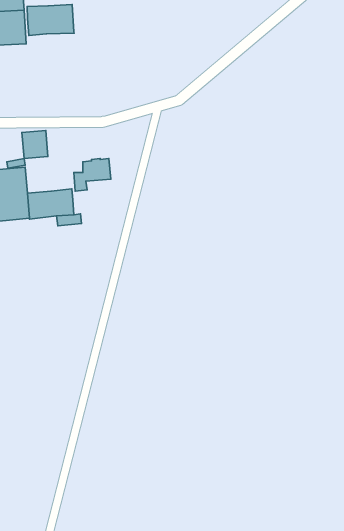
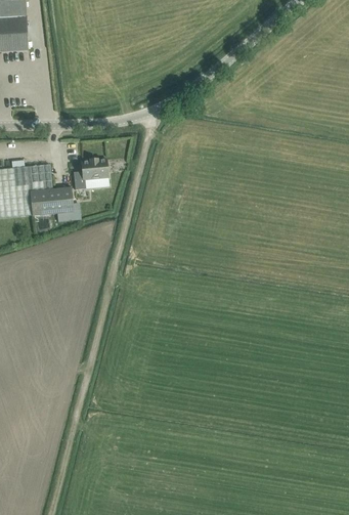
building: [27,4,74,35] -> none
building: [22,130,48,159] -> [28,164,52,190]

